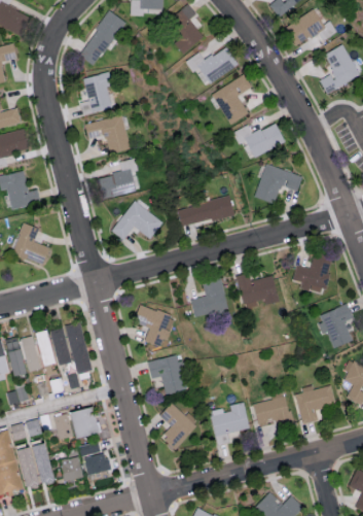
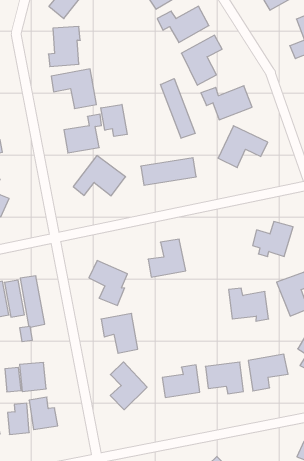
building: none -> [161,79,195,138]
building: none -> [101,104,127,136]
building: [237,273,278,305] -> [229,288,269,321]

